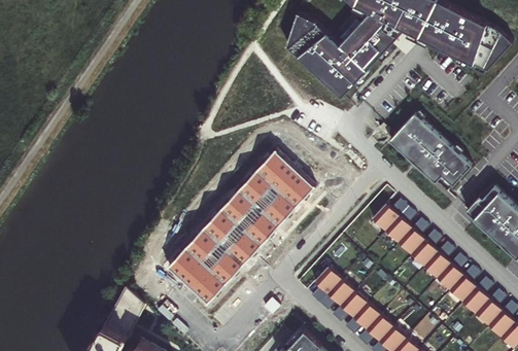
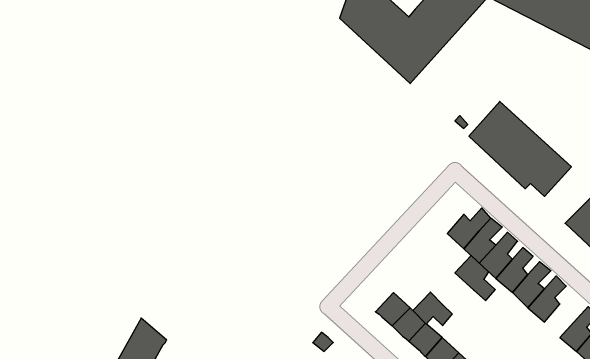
building: [170,152,316,305] -> none
building: none -> [455,256,495,301]
building: [449,266,479,303] -> none
building: none -> [413,292,452,326]

